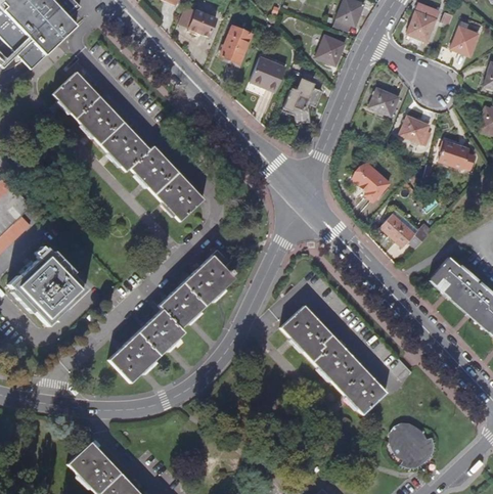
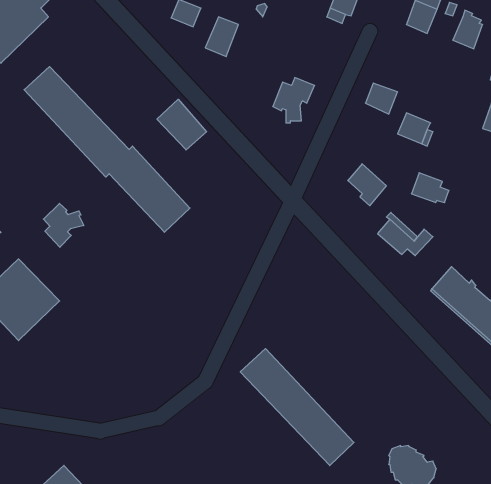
building: [315,34,346,64] -> none
building: [251,56,286,91] -> none
building: none -> [157,99,207,150]
building: [439,140,474,168] -> [411,173,449,203]
building: none -> [43,203,84,247]
building: [108,249,239,381] -> none
building: [280,305,386,413] -> [240,349,354,466]

